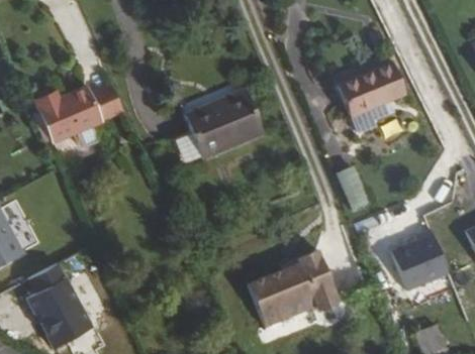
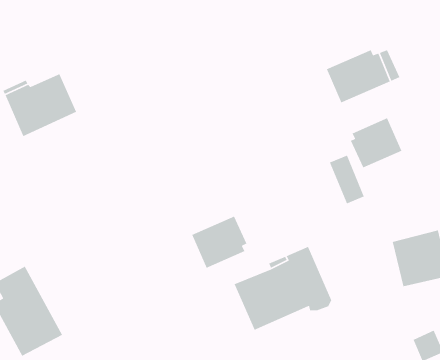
building: [184,88,264,156] -> none
building: none -> [350,117,402,169]
building: none -> [191,216,248,269]

